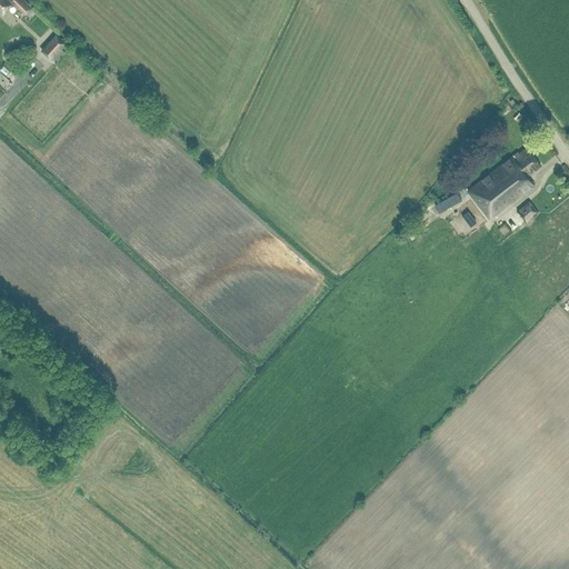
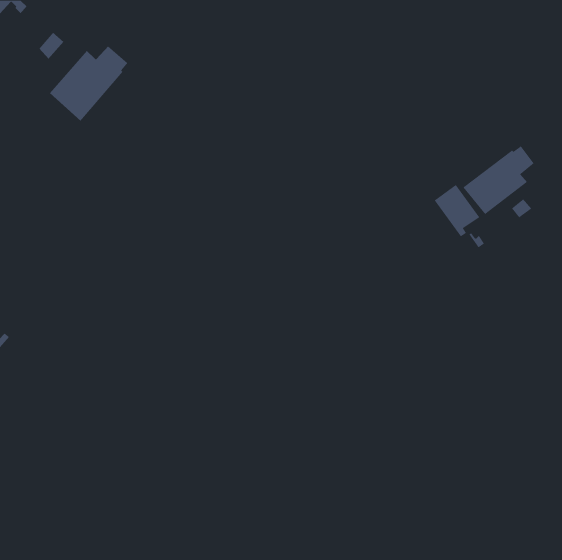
building: none -> [49,46,128,121]

